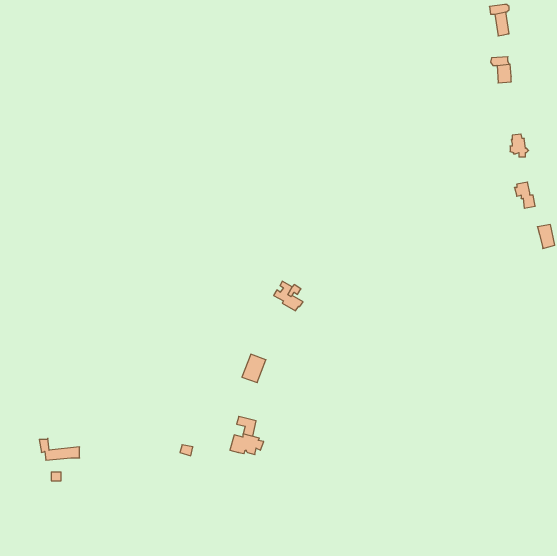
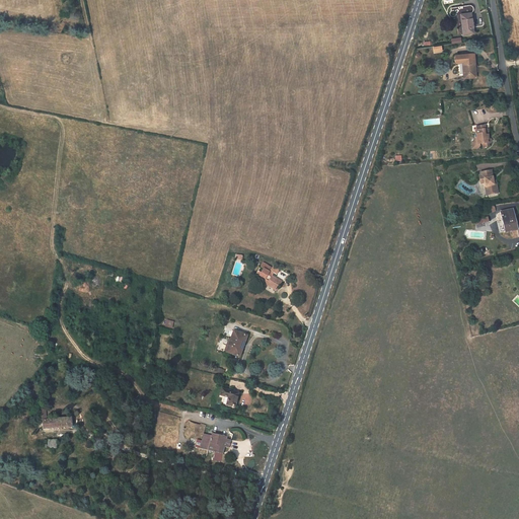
building: [230,434,264,455] -> [200,432,231,451]

